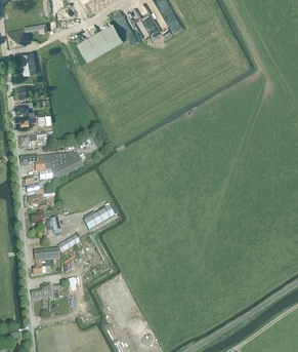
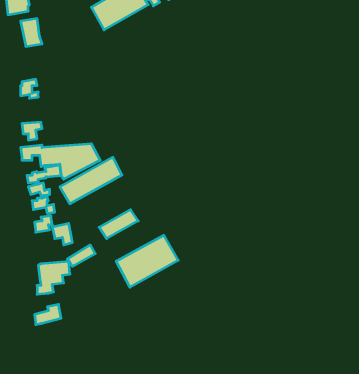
building: none -> [60,157,122,204]
building: none -> [116,235,178,287]

